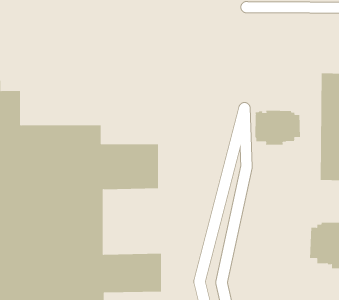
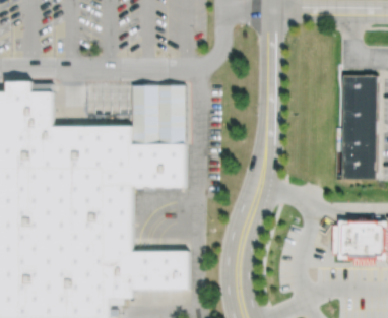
building: none -> [130,85,186,144]
building: [255,110,300,146] -> none

